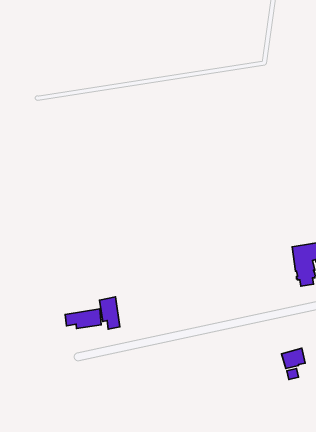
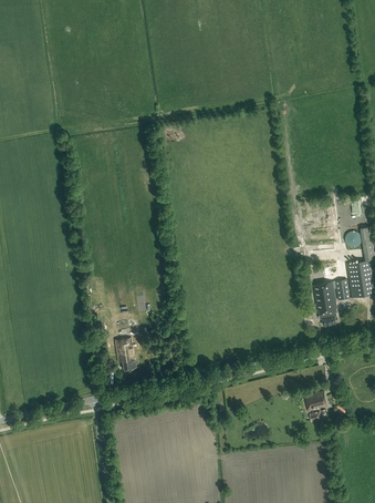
building: [65,309,101,329] -> none

